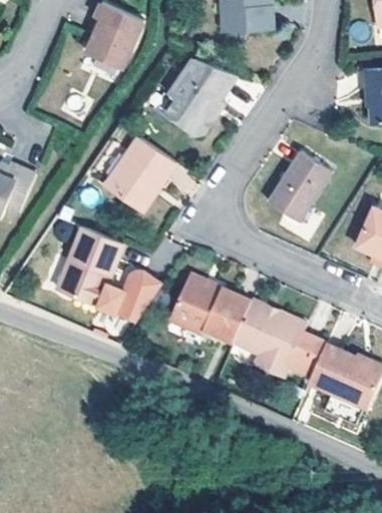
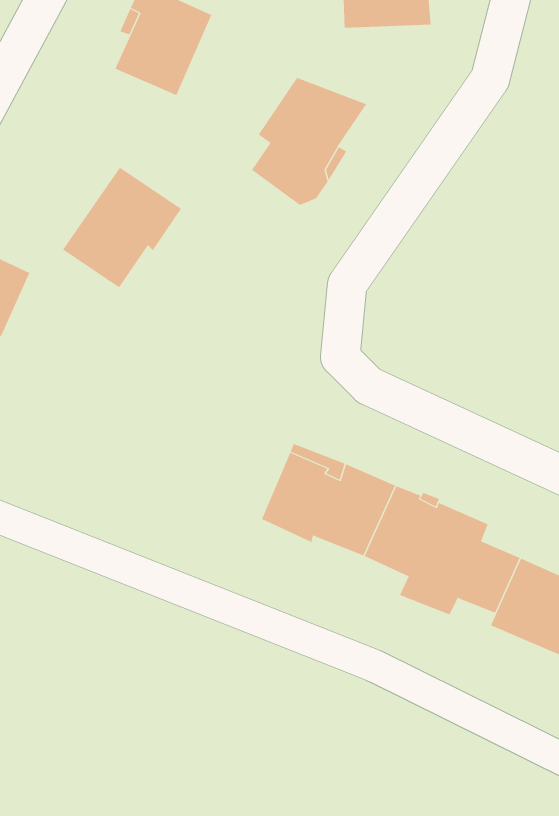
building: [104,136,175,208] -> [62,167,182,288]
building: [269,149,334,219] -> none
building: [59,226,163,321] -> none

